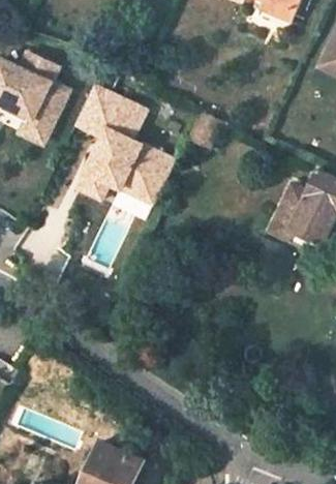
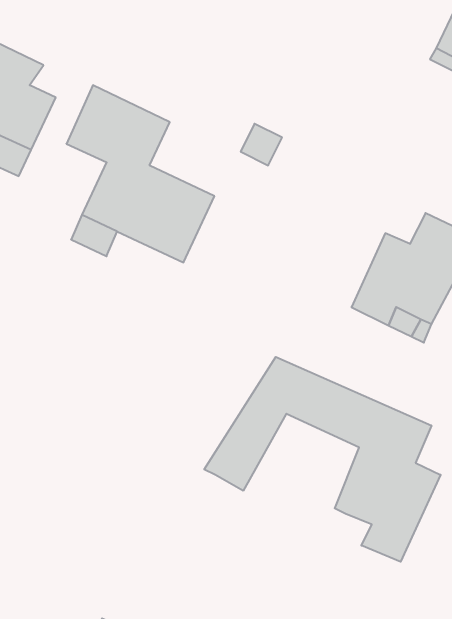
building: none -> [204,357,441,562]

